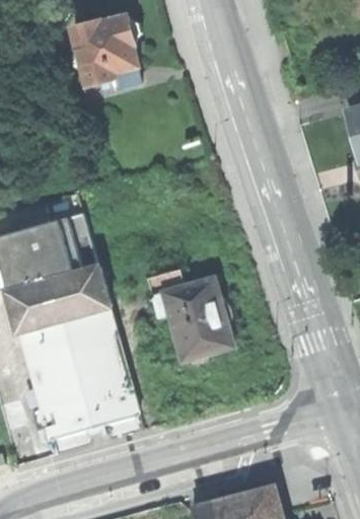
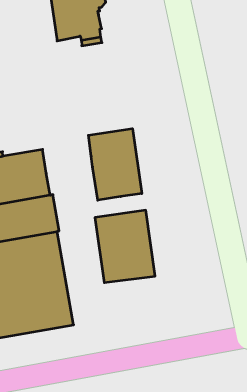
building: none -> [88,129,142,200]

